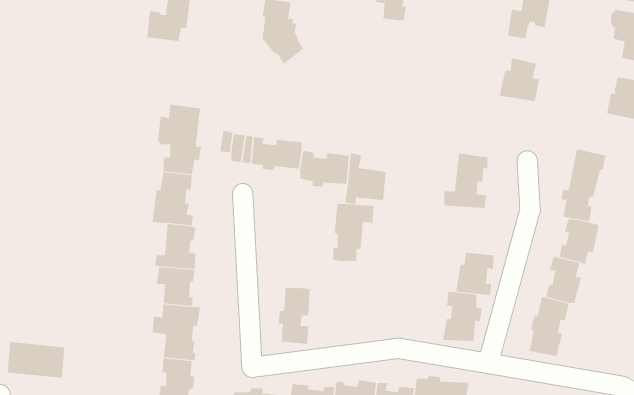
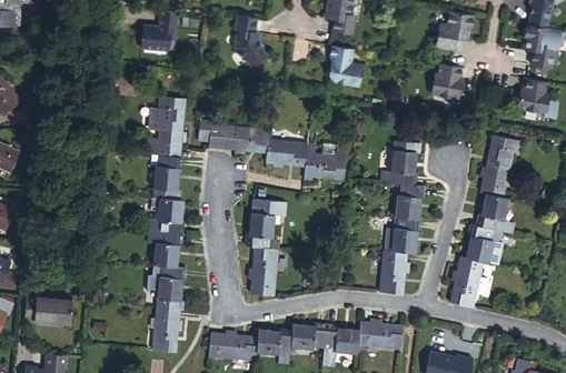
building: none -> [329,44,360,84]
building: [333,203,375,261] -> [244,202,278,250]
building: none -> [397,184,427,223]

